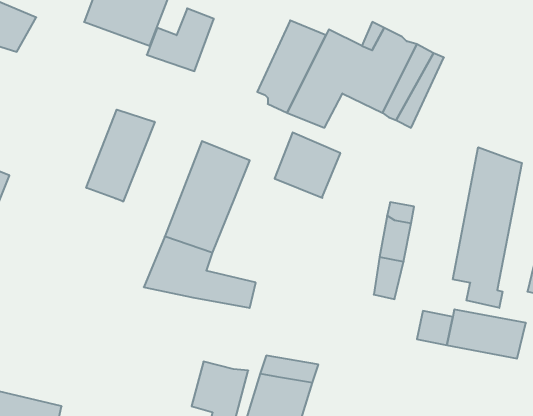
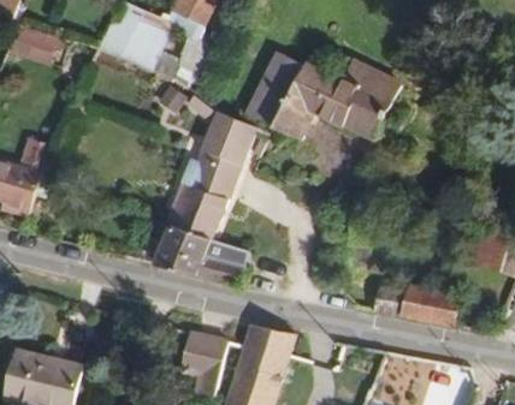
building: [86,110,155,202] -> none
building: [275,132,340,198] -> [200,112,253,165]
building: [453,147,522,308] -> none

